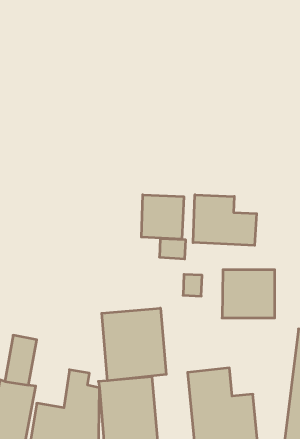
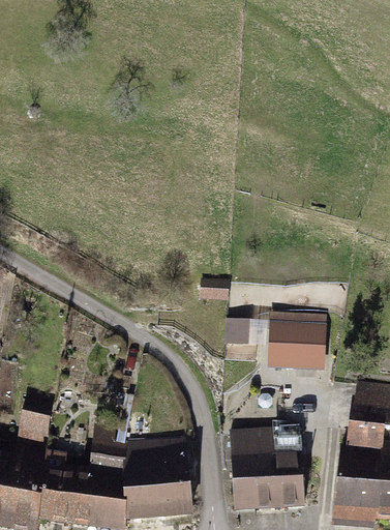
building: [193,195,257,245] -> none
building: [141,195,184,239] -> none
building: [102,308,166,381] -> none

